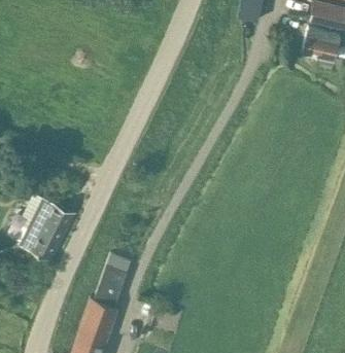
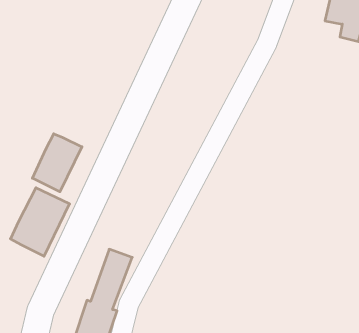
building: none -> [32,134,82,192]

